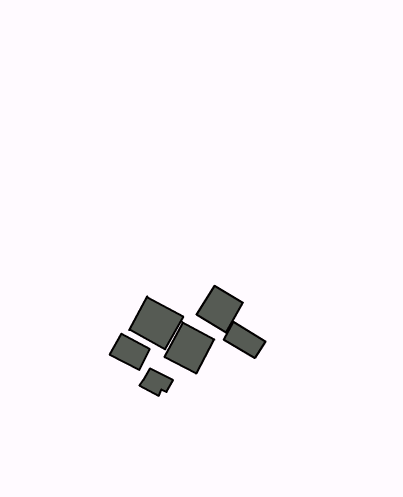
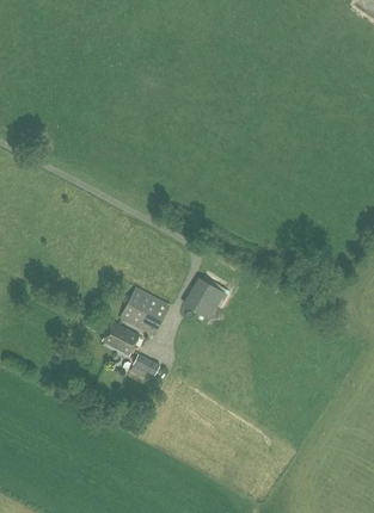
building: [224,322,265,358] -> none
building: [165,322,214,374] -> none

